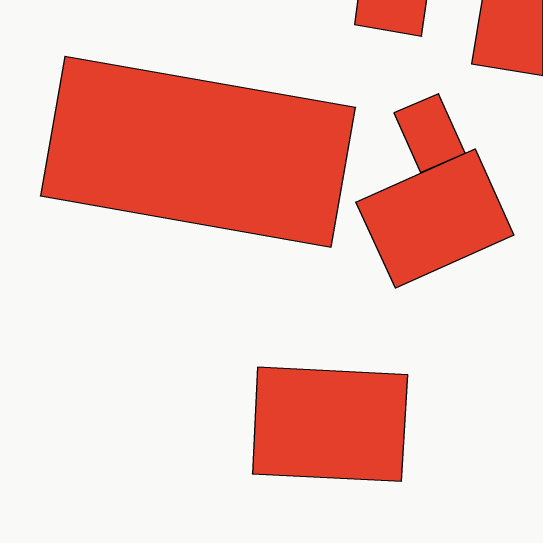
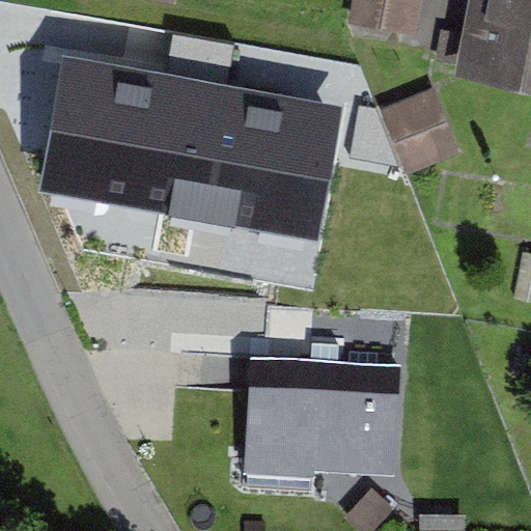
building: [356,149,514,288] -> none

